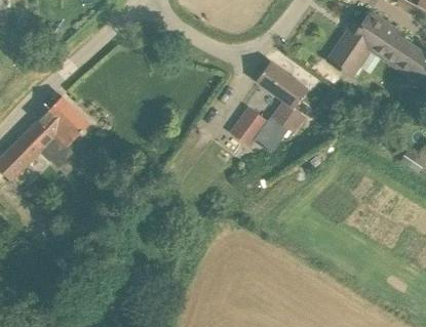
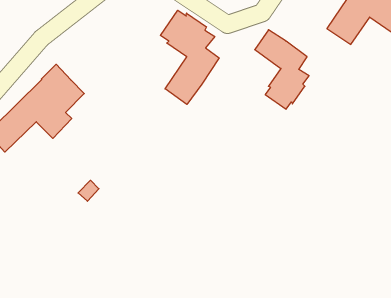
building: none -> [160,10,219,104]
building: [232,109,265,145] -> none

